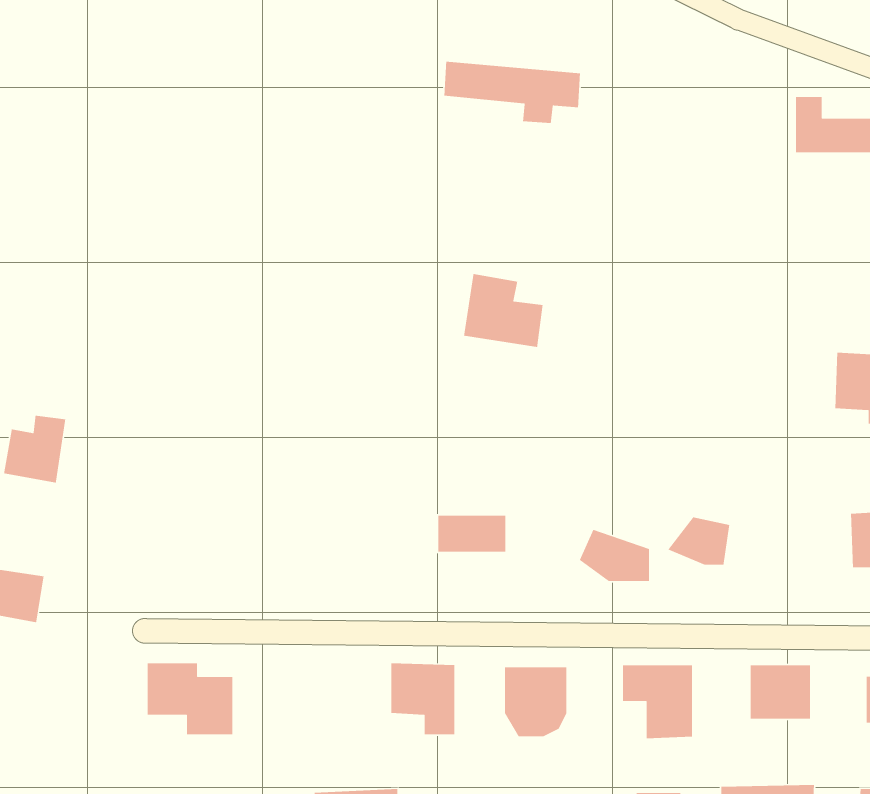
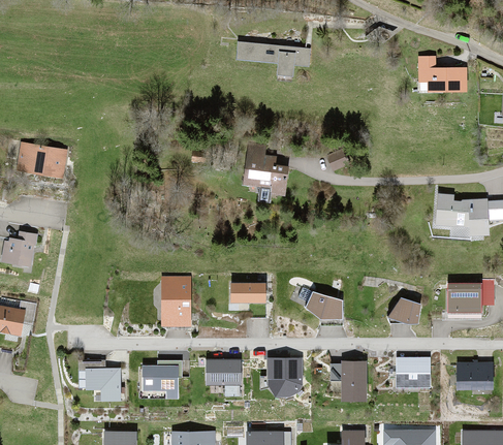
building: none -> [17,140,68,176]
building: none -> [161,276,190,324]
building: [667,517,730,566] -> [388,296,421,322]
building: none -> [143,358,191,396]

